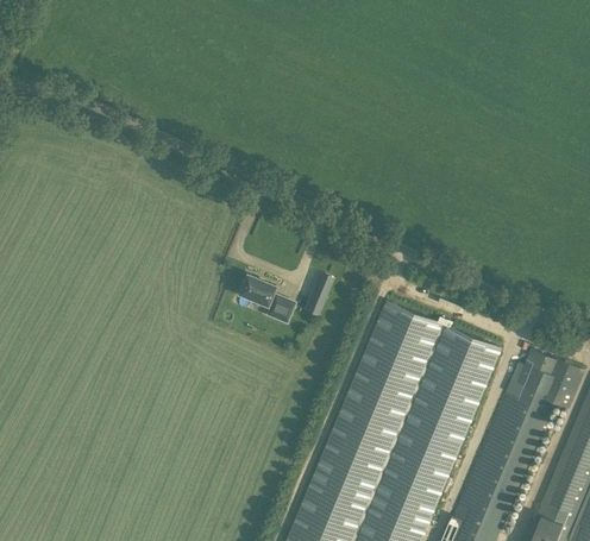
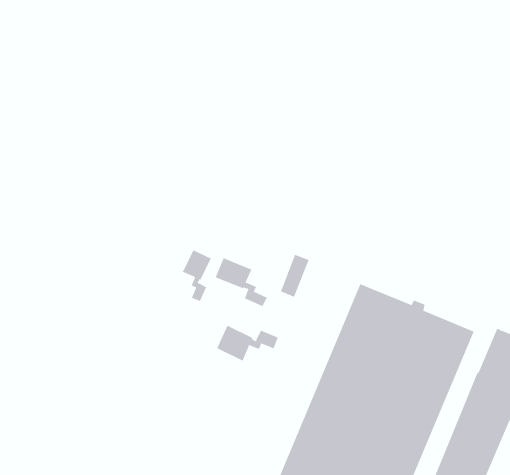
building: none -> [182,250,212,302]
building: none -> [216,325,278,361]

